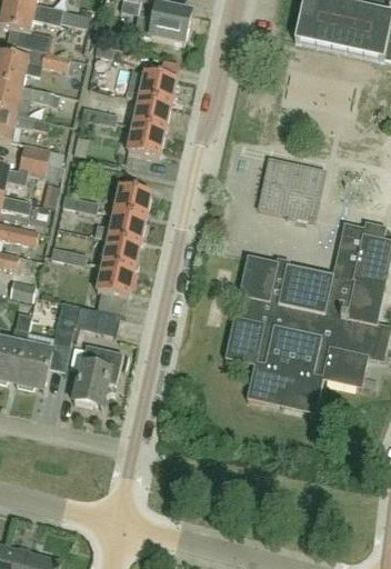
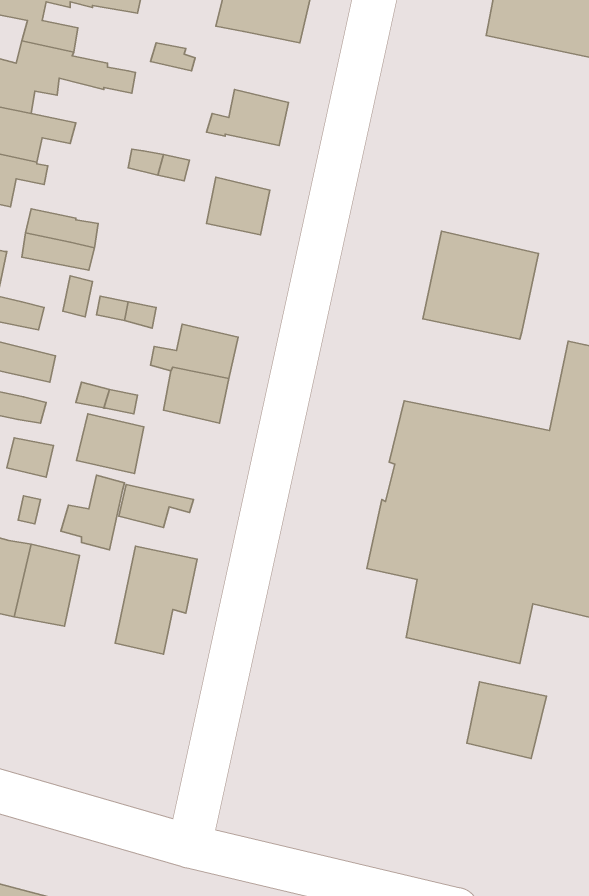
building: [133,98,171,131] -> none
building: [113,186,152,219] -> none
building: [96,262,136,298] -> [77,414,144,474]
building: none -> [467,682,546,758]

